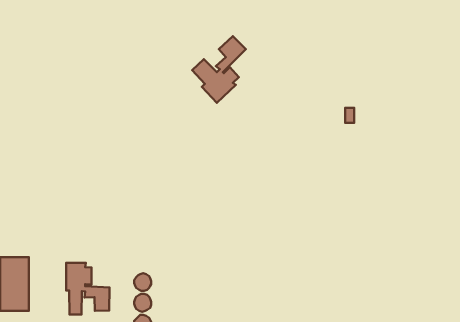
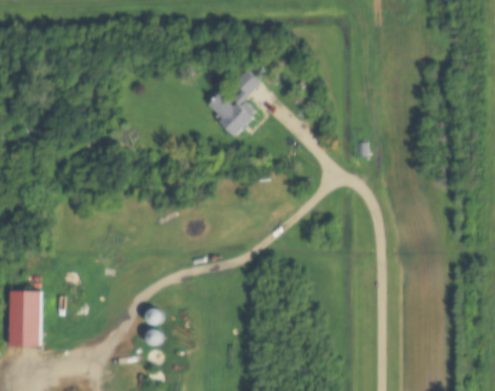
building: [66,263,110,315] -> none

